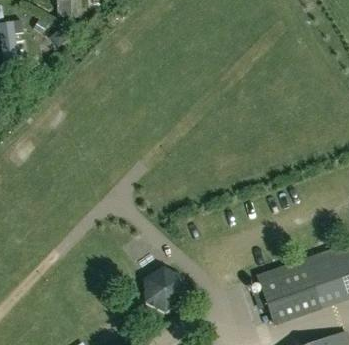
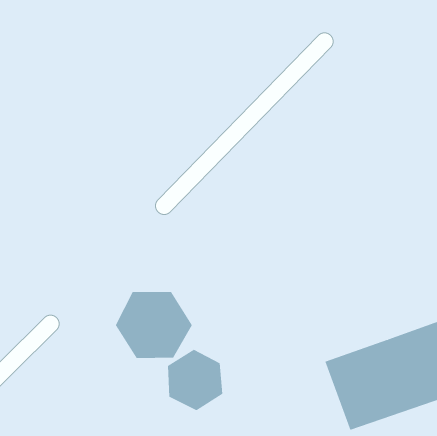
building: none -> [115,291,192,359]

